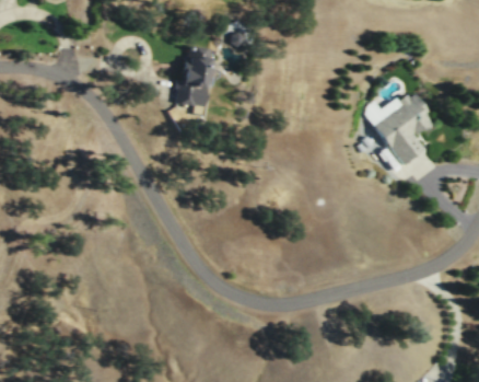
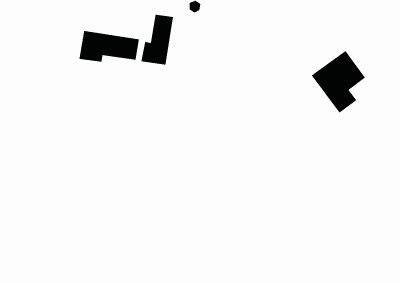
building: none -> [79,30,139,62]

